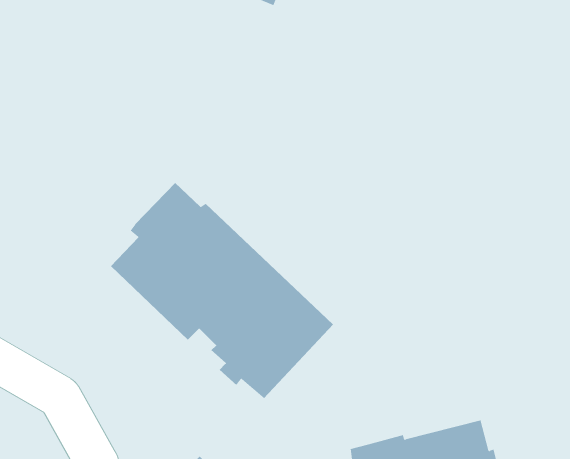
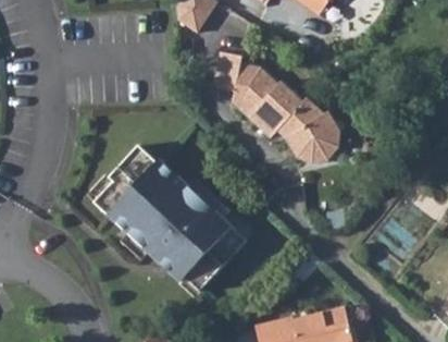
building: none -> [215,54,338,163]

